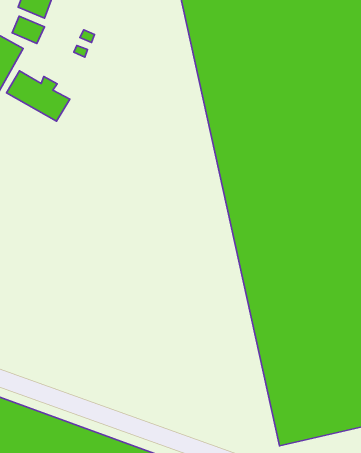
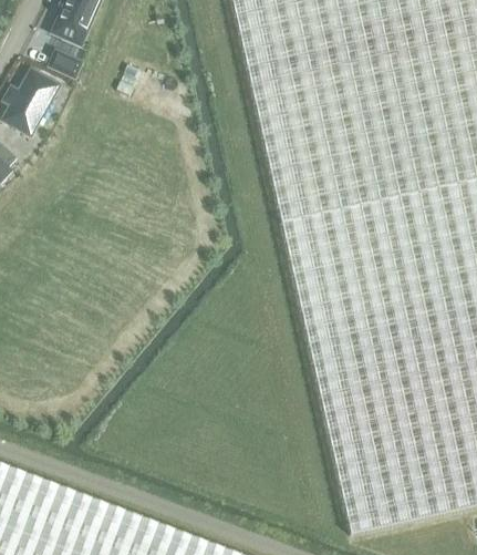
building: [6,71,70,121] -> none

